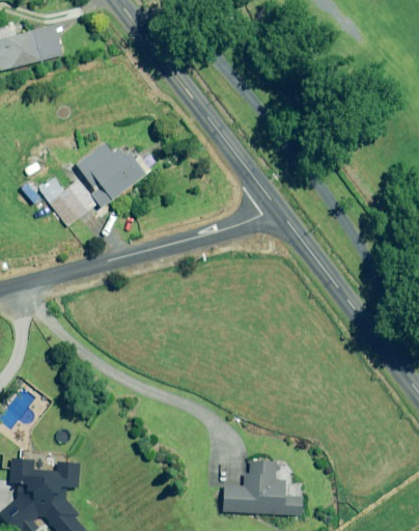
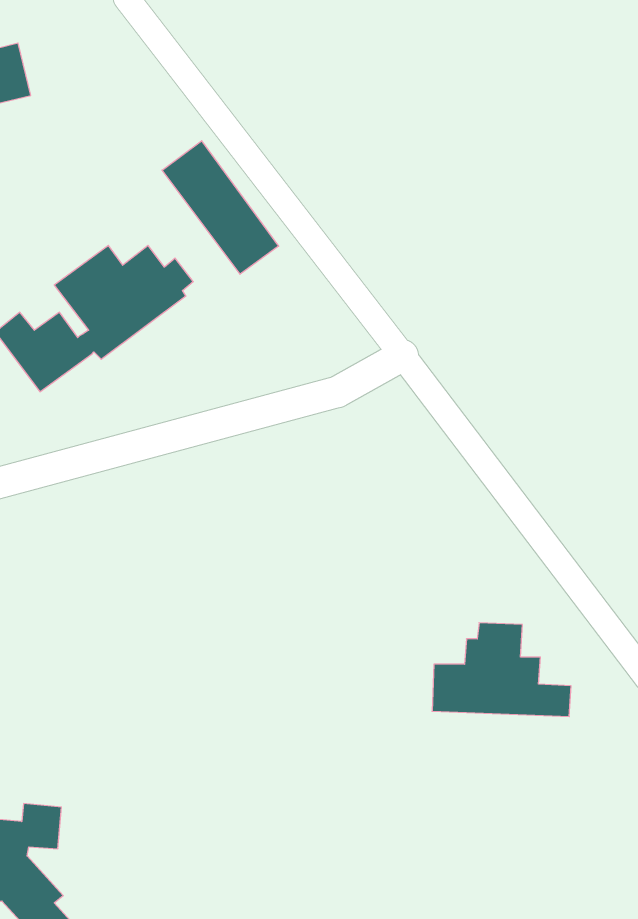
building: none -> [162,141,279,274]
building: [224,460,304,514] -> [432,623,571,717]

